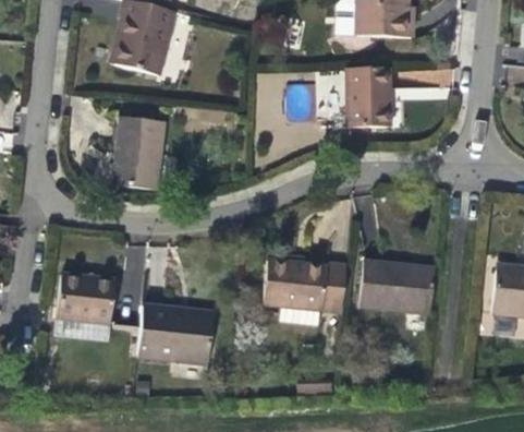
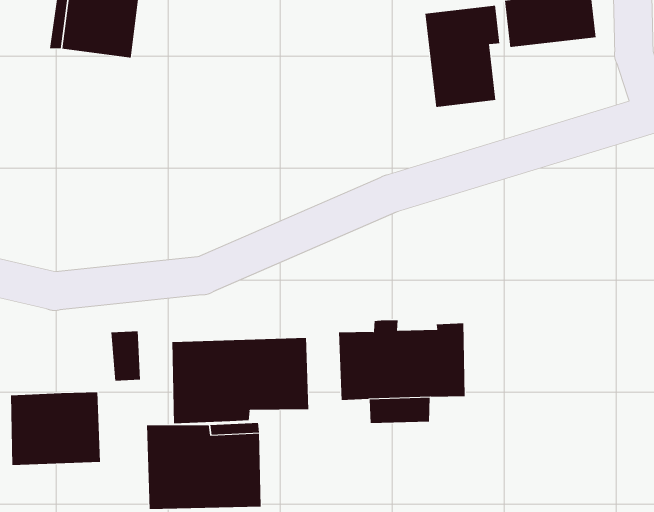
building: [112,116,166,187] -> none
building: none -> [172,337,309,424]
building: [361,259,436,313] -> none

